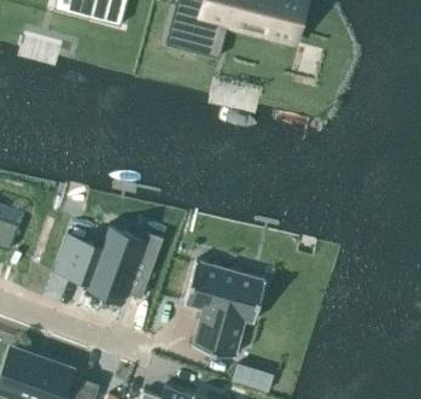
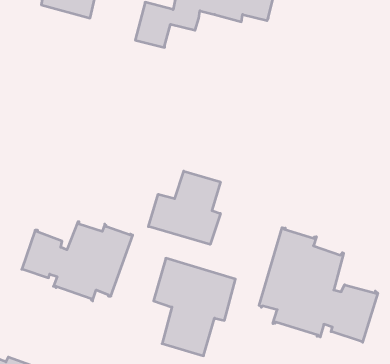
building: none -> [148,171,220,244]
building: none -> [259,228,378,342]

